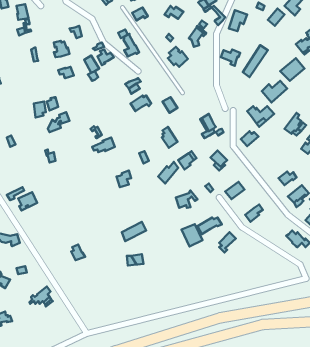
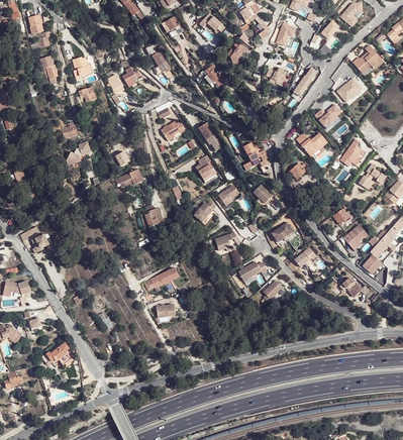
building: [181,224,203,247] -> none

